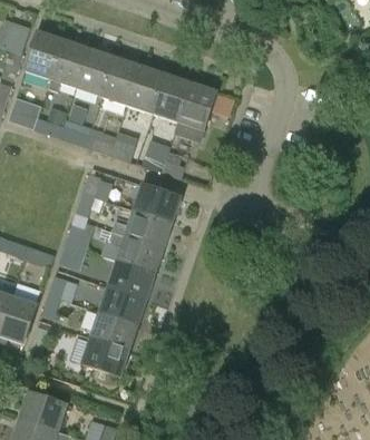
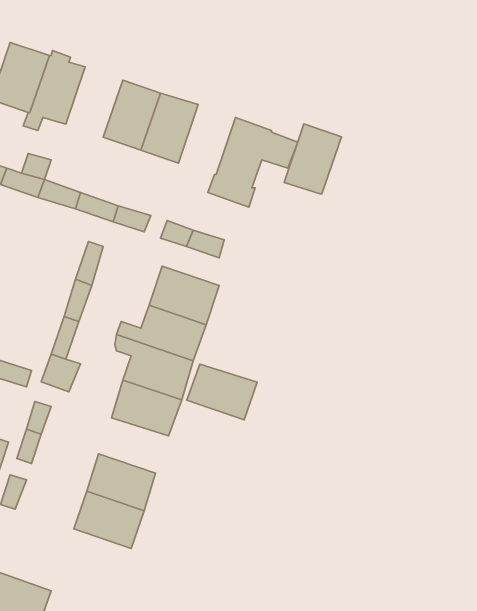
building: [76,48,115,96] -> none
building: [153,74,192,121] -> [284,124,341,194]
building: [98,287,146,325] -> [187,364,257,420]

